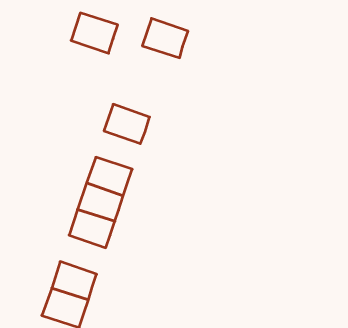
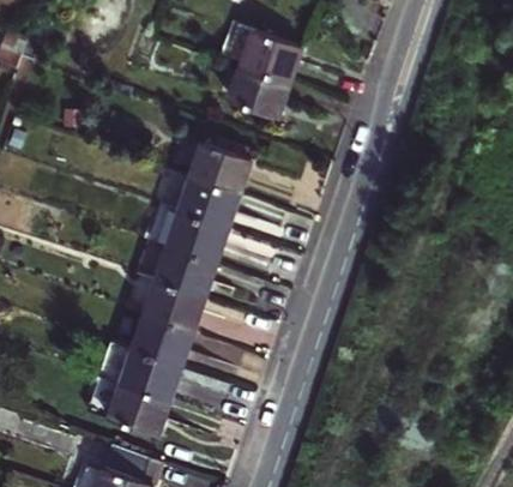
building: [71,13,118,53] -> [228,66,289,119]
building: none -> [179,178,237,228]
building: none -> [132,314,192,366]

